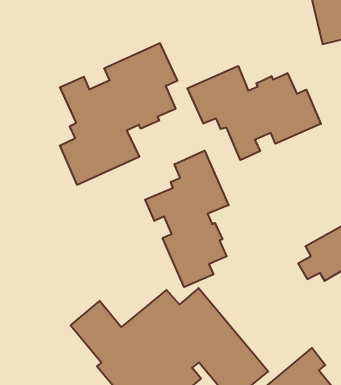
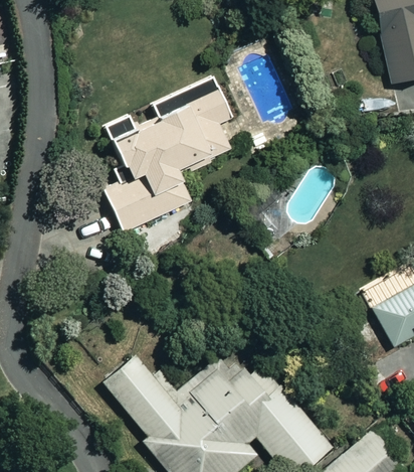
building: [188,66,321,160] -> none
building: [145,151,229,287] -> none

